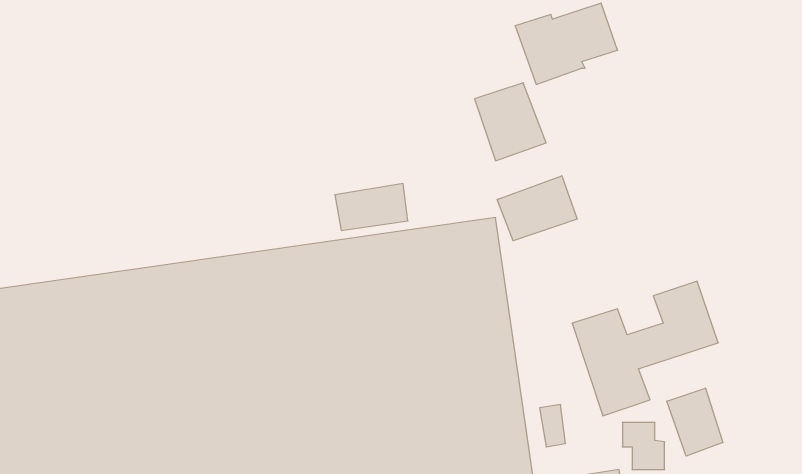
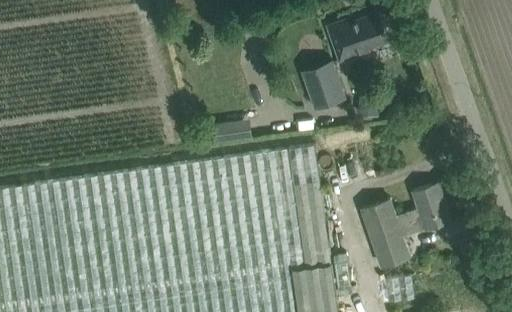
building: [497,176,577,241] -> none
building: [667,388,723,456] -> none

